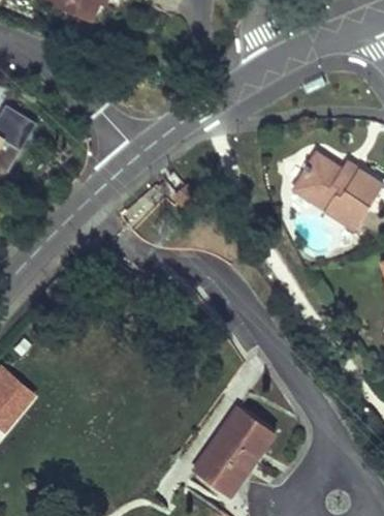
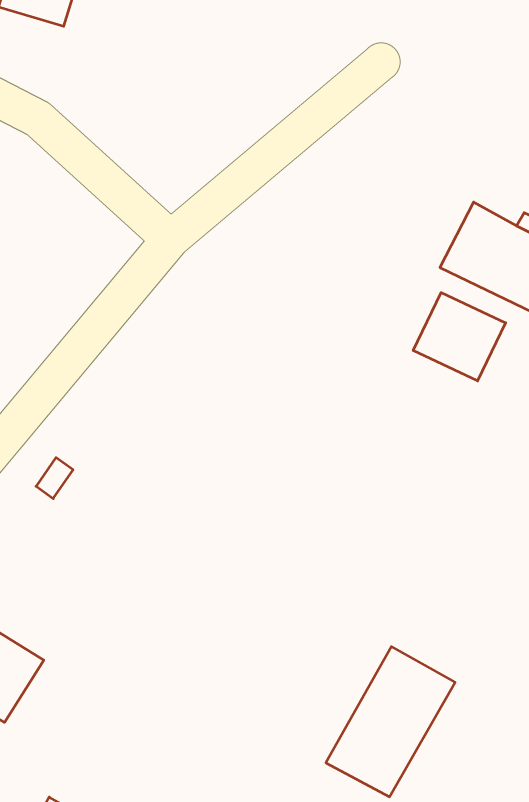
building: none -> [413,293,506,381]

